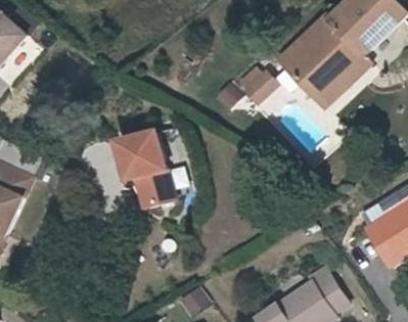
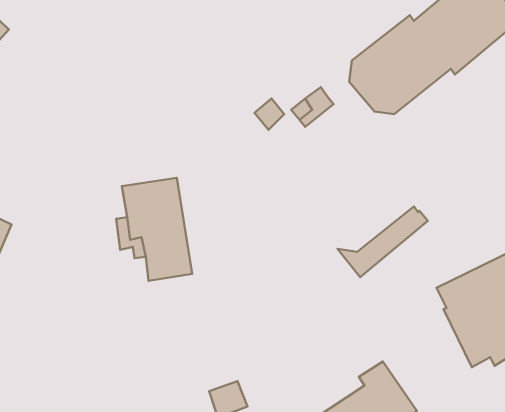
building: [302,58,367,109] -> [338,207,428,277]

